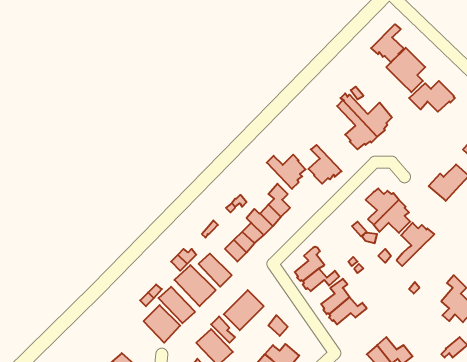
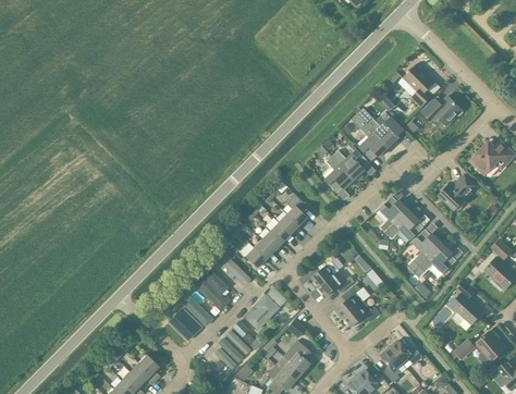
building: [371,24,404,62] -> none
building: [267,155,306,189] -> [332,148,369,181]
building: none -> [414,241,455,278]

